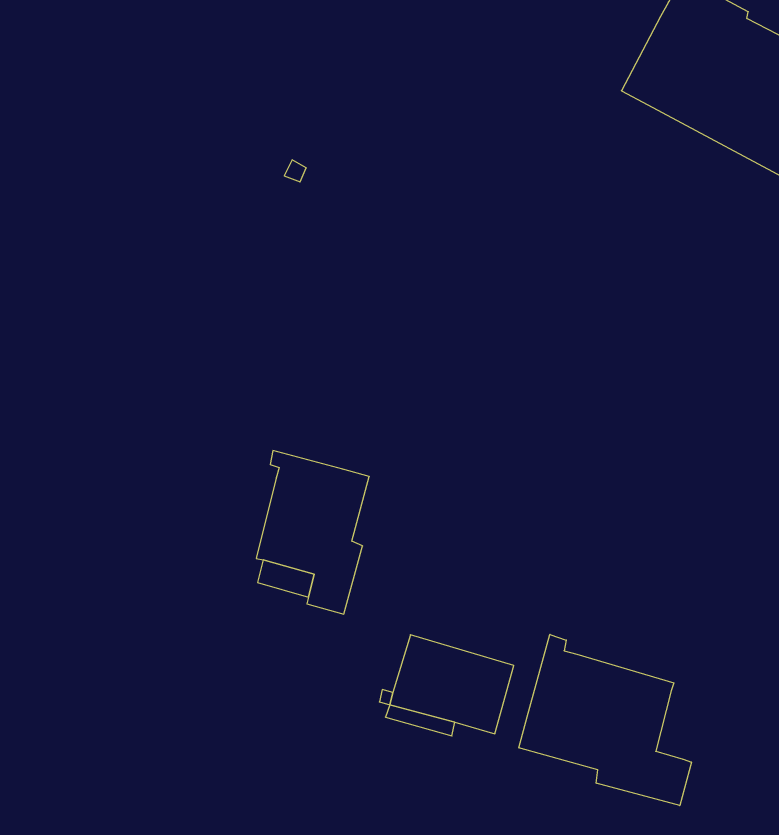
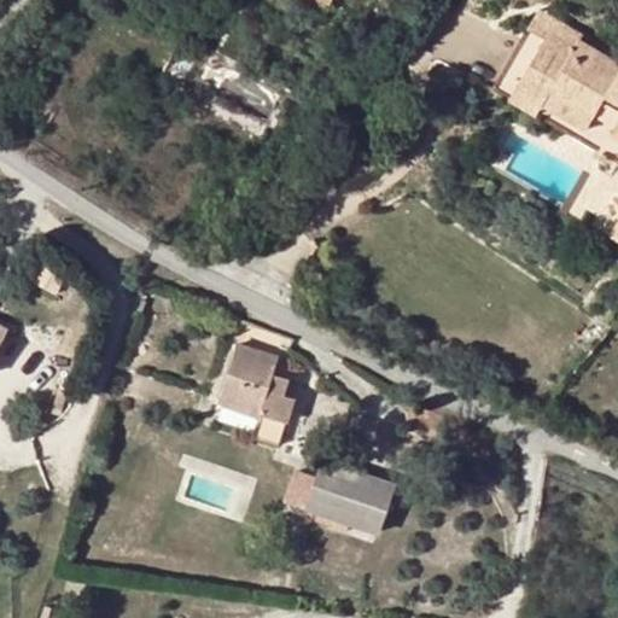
building: [519,634,691,806] -> none

